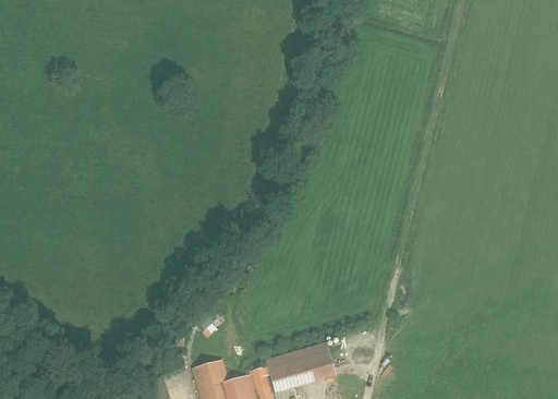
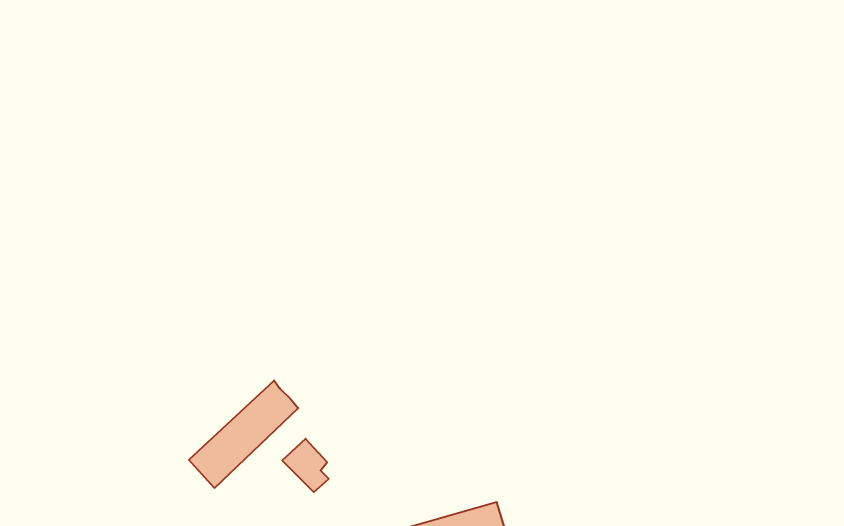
building: none -> [189,380,298,488]

